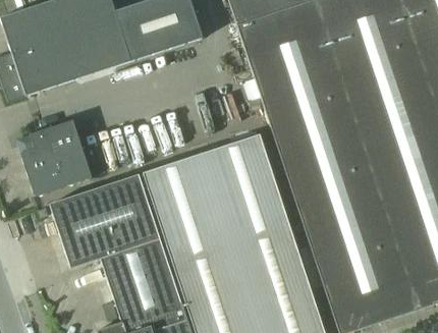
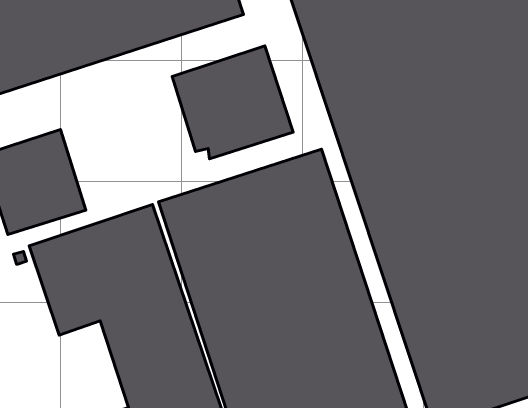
building: none -> [172,46,293,159]

